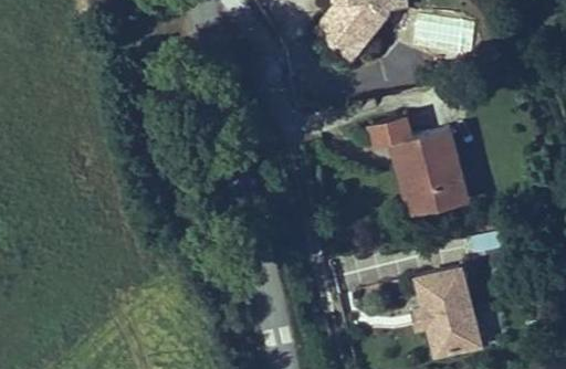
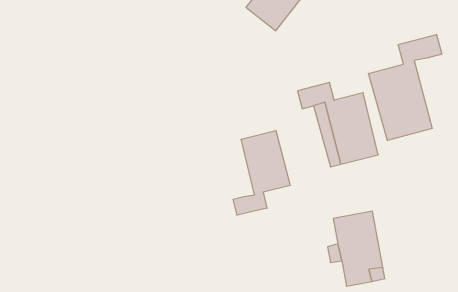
building: none -> [368,35,442,141]
building: none -> [233,130,290,215]

